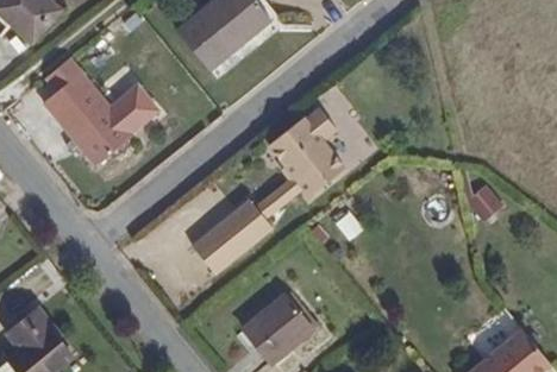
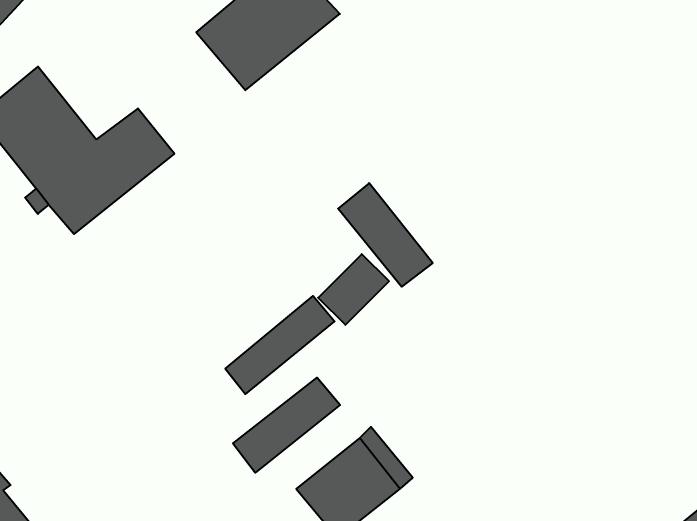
building: [289,109,345,182] -> none
building: none -> [233,378,340,473]

